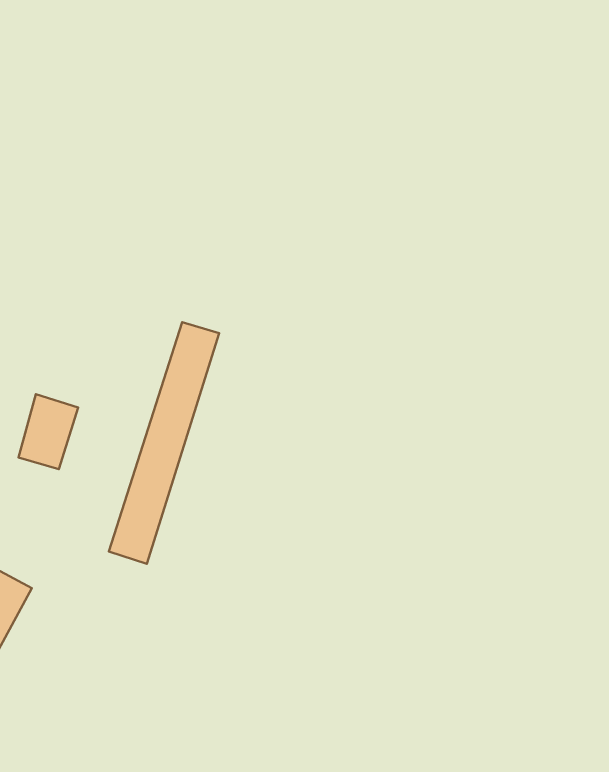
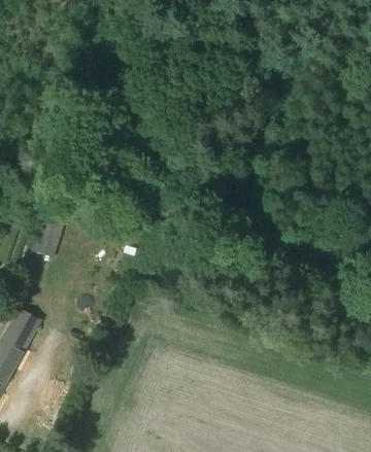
building: [109,322,219,564] -> none

